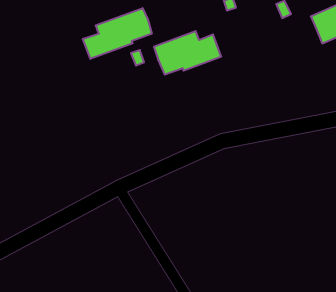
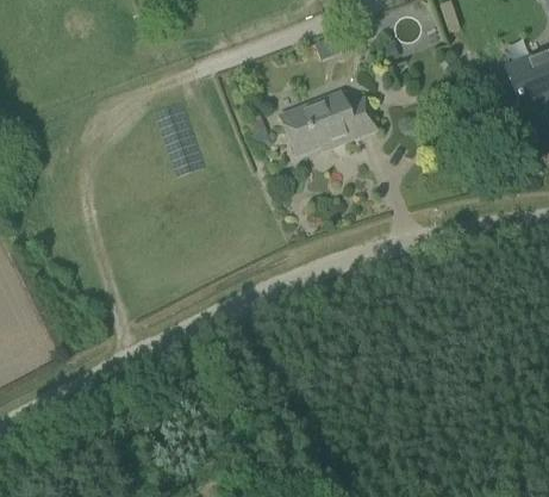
building: [83,8,152,59] -> none

